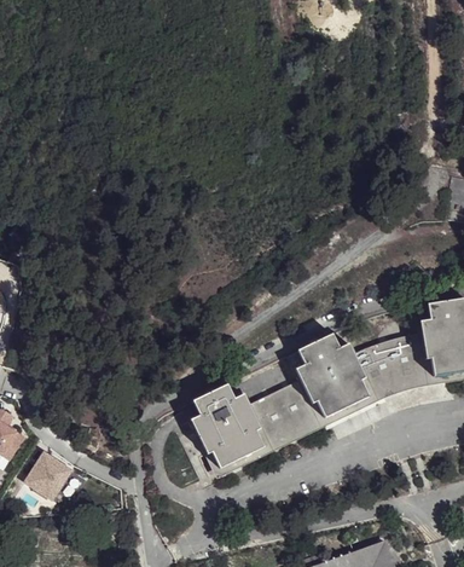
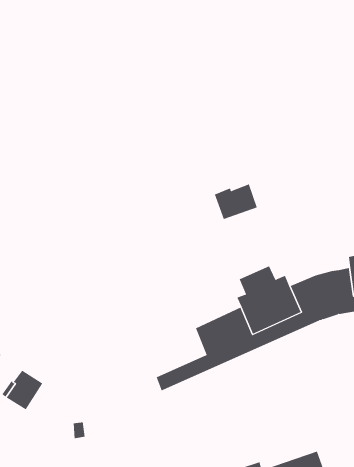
building: none -> [214,184,258,220]
building: [181,382,257,461] -> none

